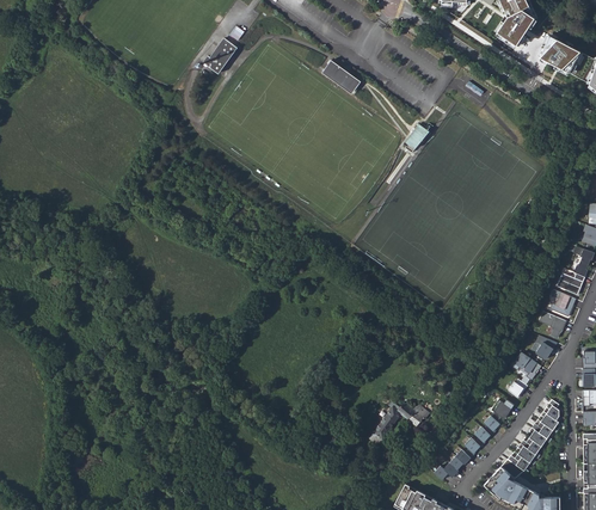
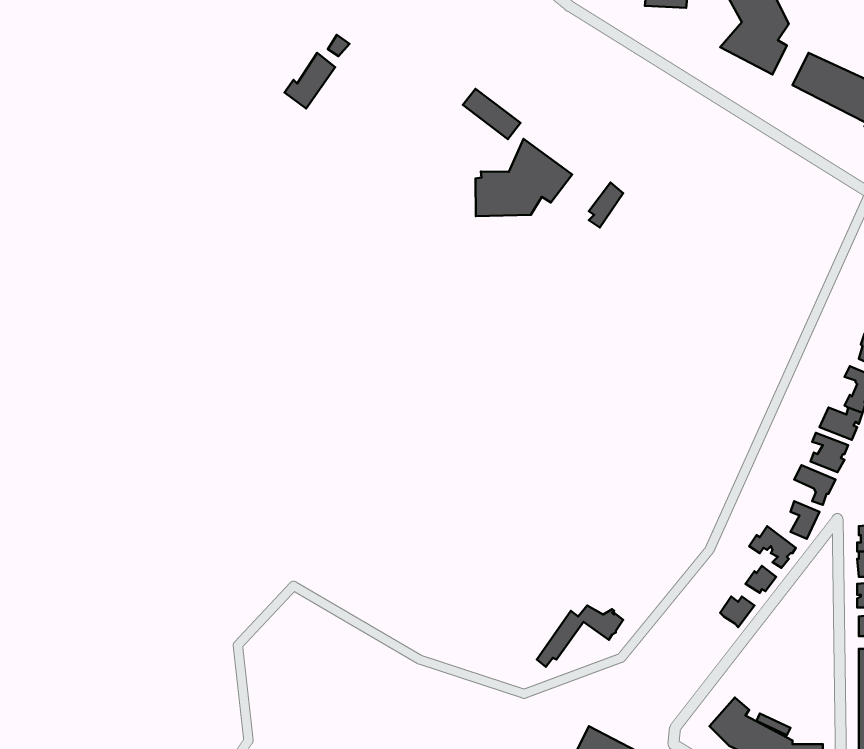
building: none -> [476,139,572,216]
building: [508,399,559,469] -> none
building: [434,414,499,479] -> none

